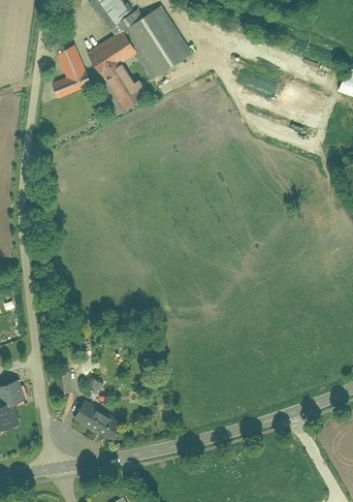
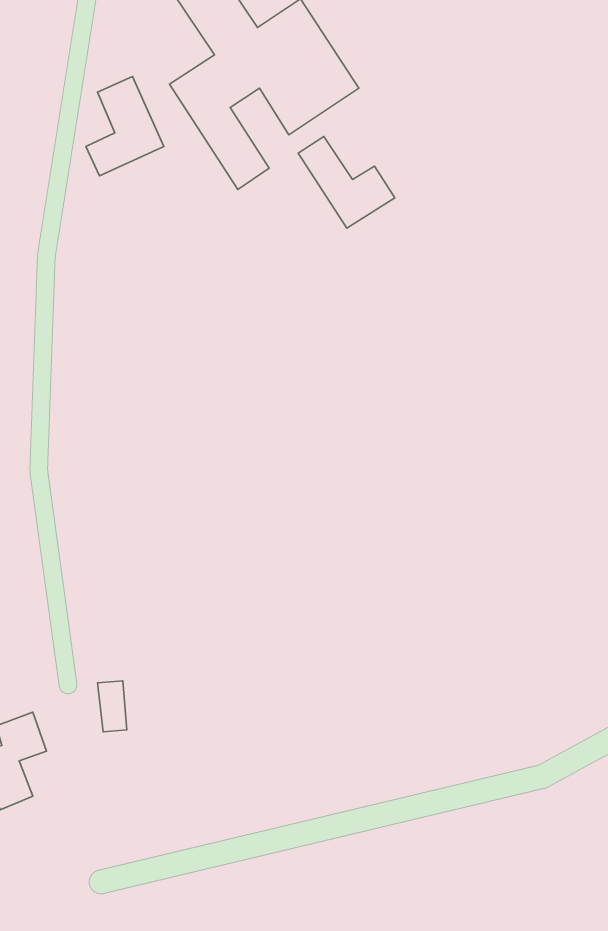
building: none -> [298,137,395,228]
building: [73,405,120,442] -> none

